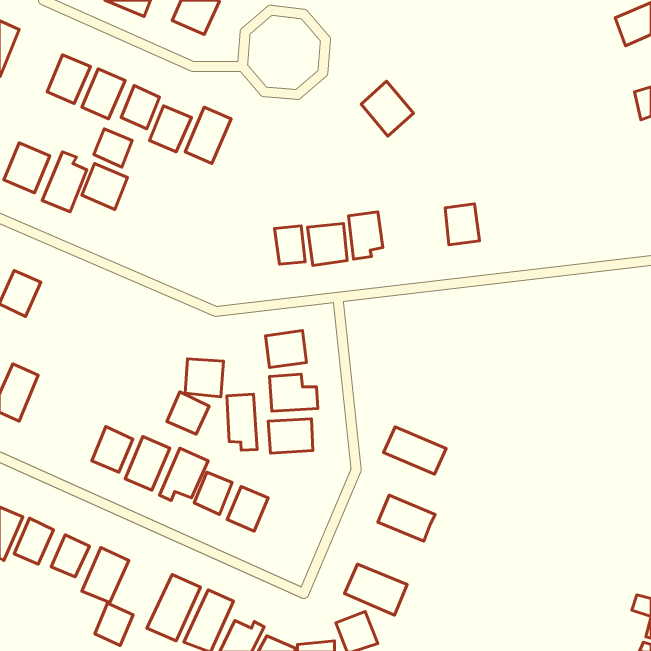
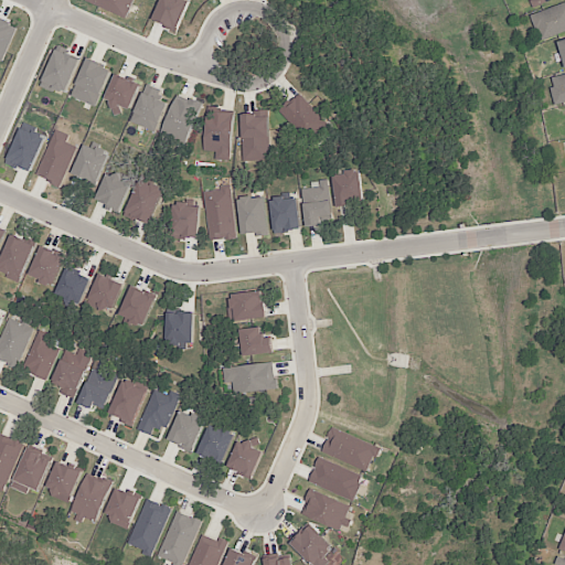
building: [361,81,413,136] -> [276,90,321,138]
building: none -> [201,111,232,154]
building: [94,129,132,167] -> [99,174,132,207]
building: none -> [239,117,270,158]
building: [445,204,480,245] -> [333,168,363,203]
building: none -> [128,180,163,221]
building: none -> [205,188,238,237]
building: none -> [168,202,203,241]
building: none -> [29,248,64,288]
building: none -> [56,267,89,299]
building: none -> [88,271,125,308]
building: none -> [20,334,58,380]
building: [167,392,209,434] -> [119,287,156,323]
building: [227,394,257,450] -> none
building: none -> [50,347,88,394]
building: [384,427,446,474] -> [311,458,365,499]
building: none -> [223,441,260,480]
building: [95,603,133,645] -> [105,491,138,527]

